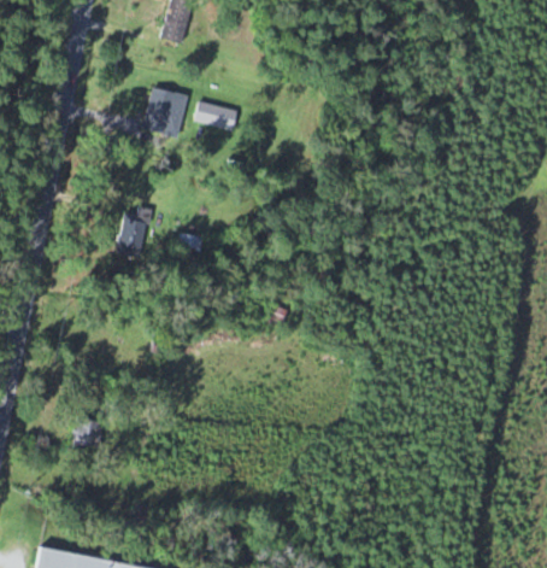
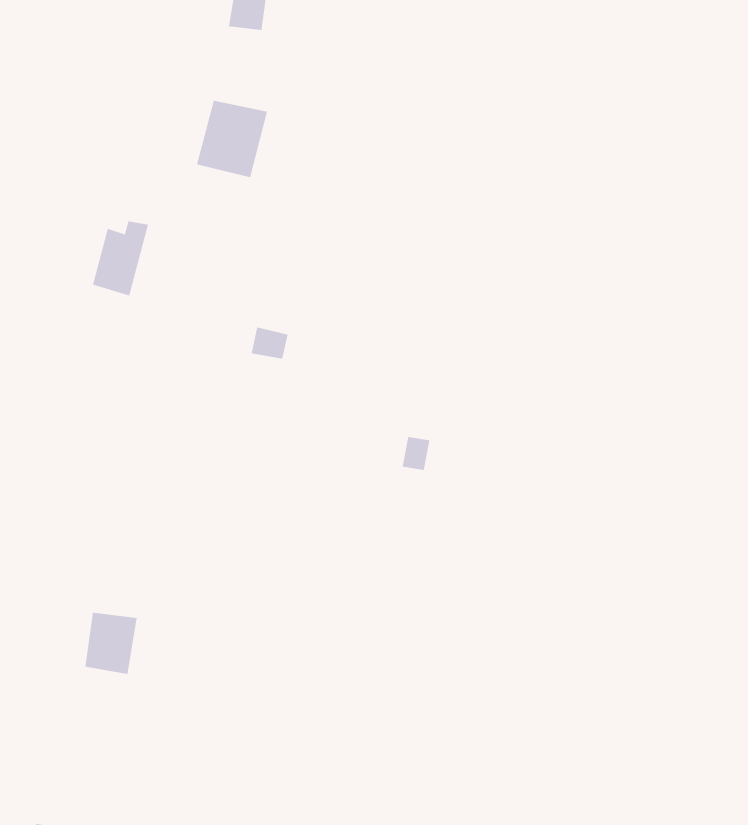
building: [194,100,237,130] -> none
building: [116,206,152,254] -> [92,221,149,296]

